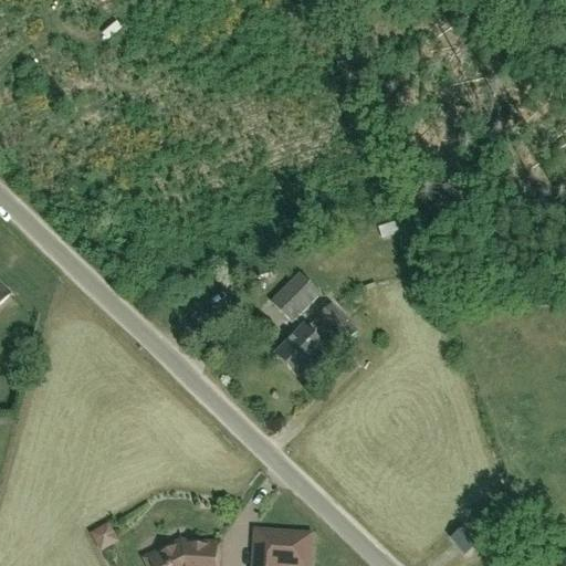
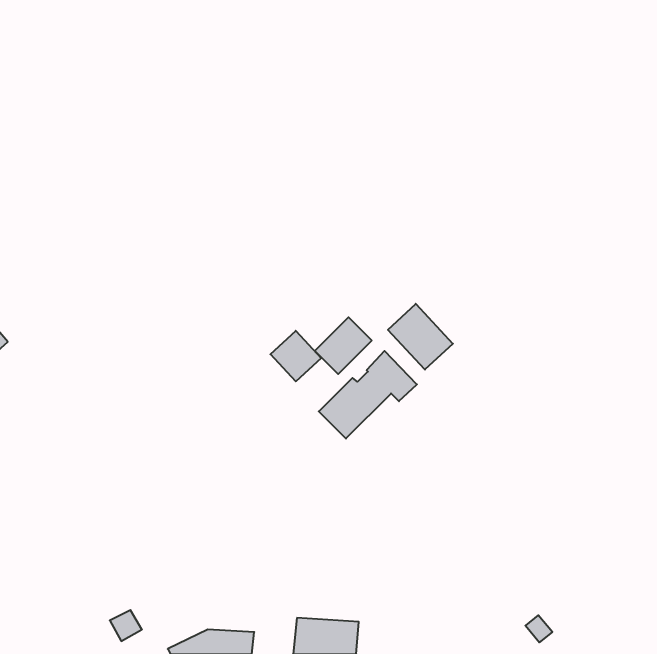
building: none -> [388,304,453,370]
building: none -> [270,331,321,381]

